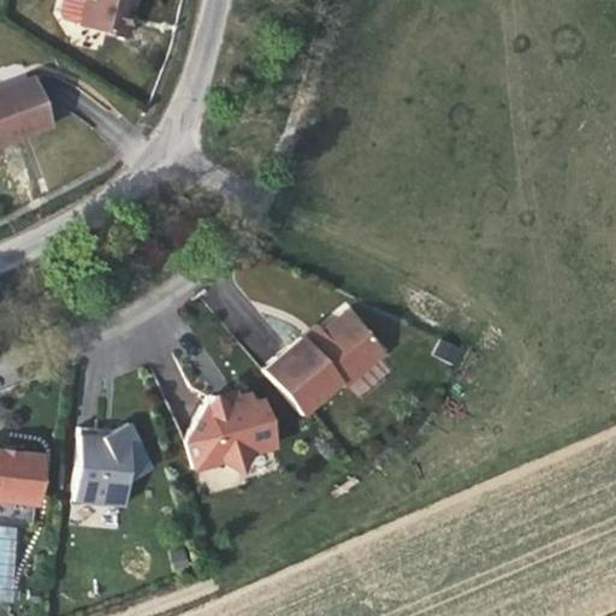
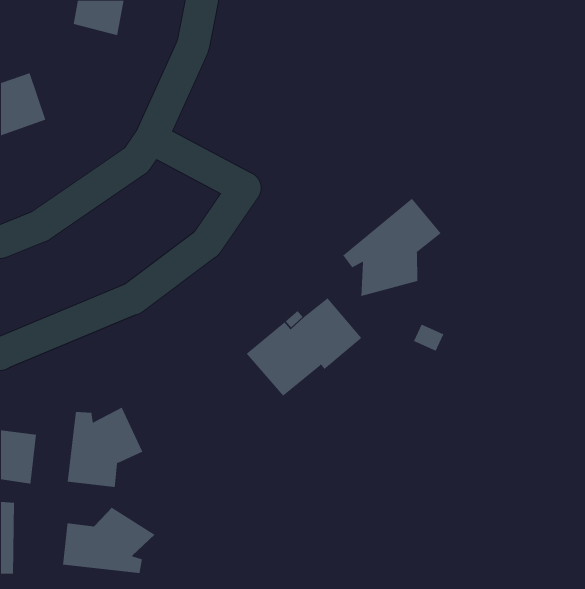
building: none -> [343,198,441,297]
building: [188,396,276,473] -> none
building: none -> [63,507,156,574]

